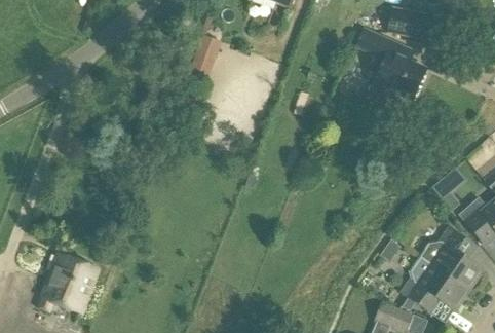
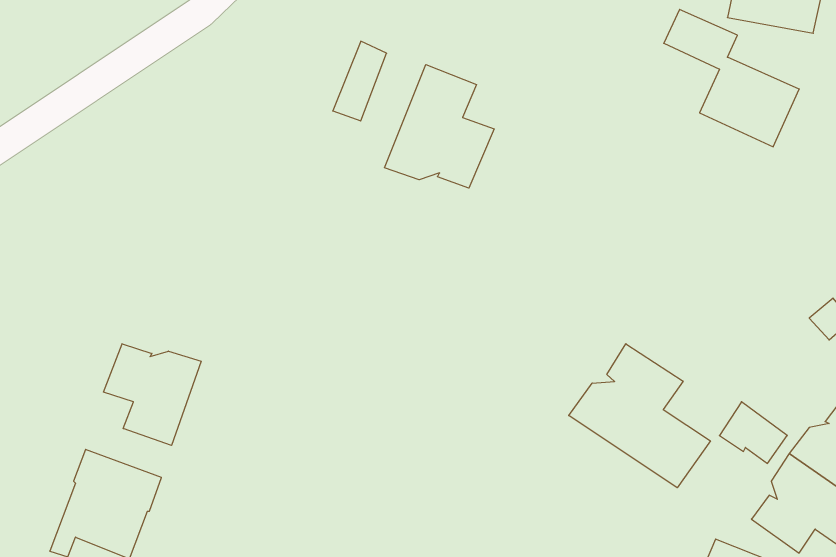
building: none -> [385,65,494,188]
building: none -> [569,344,710,488]
building: none -> [104,344,201,445]

